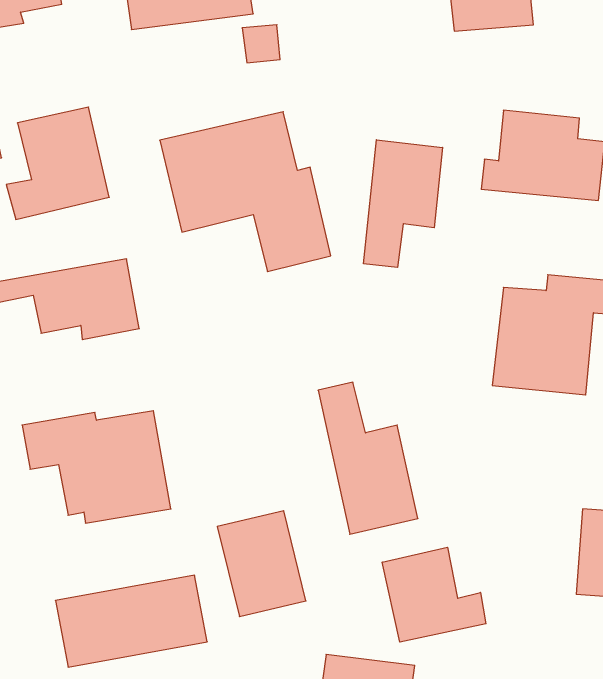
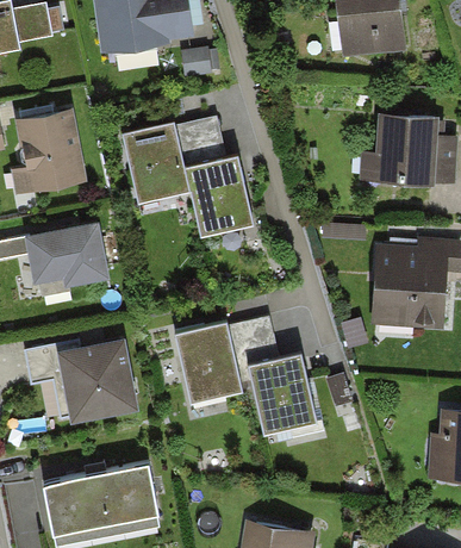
building: [364,140,443,267] -> none
building: [217,511,306,617] -> [175,320,242,400]
building: [382,547,486,642] -> none

